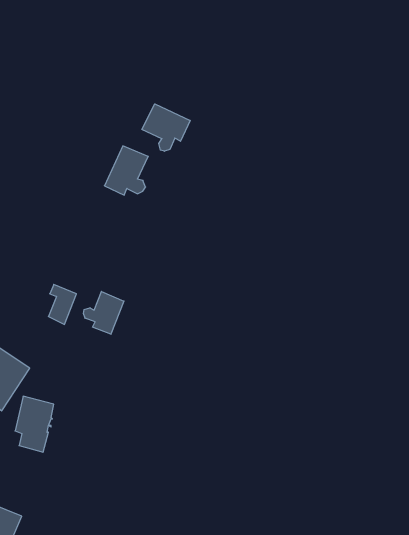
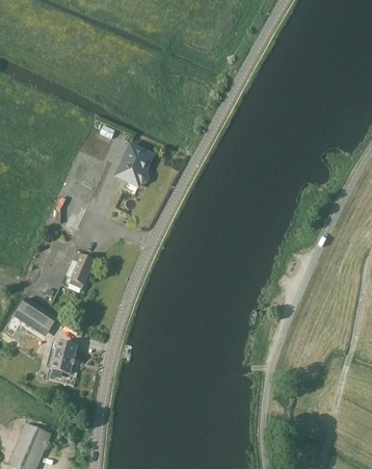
building: [142,104,190,151] -> none
building: [83,291,124,334] -> none

